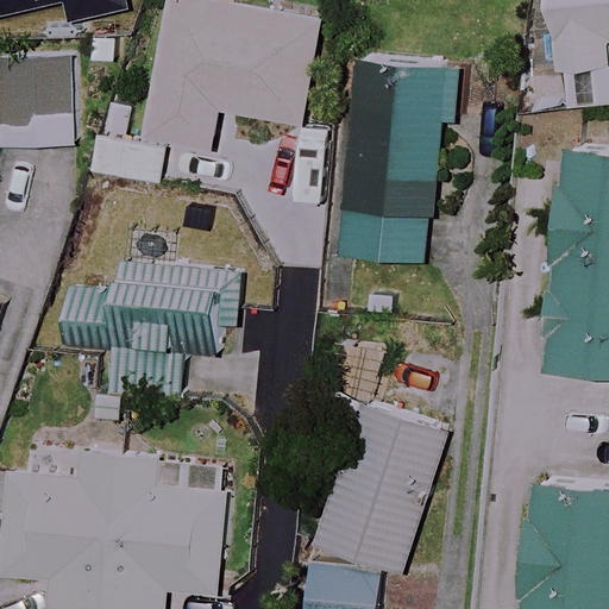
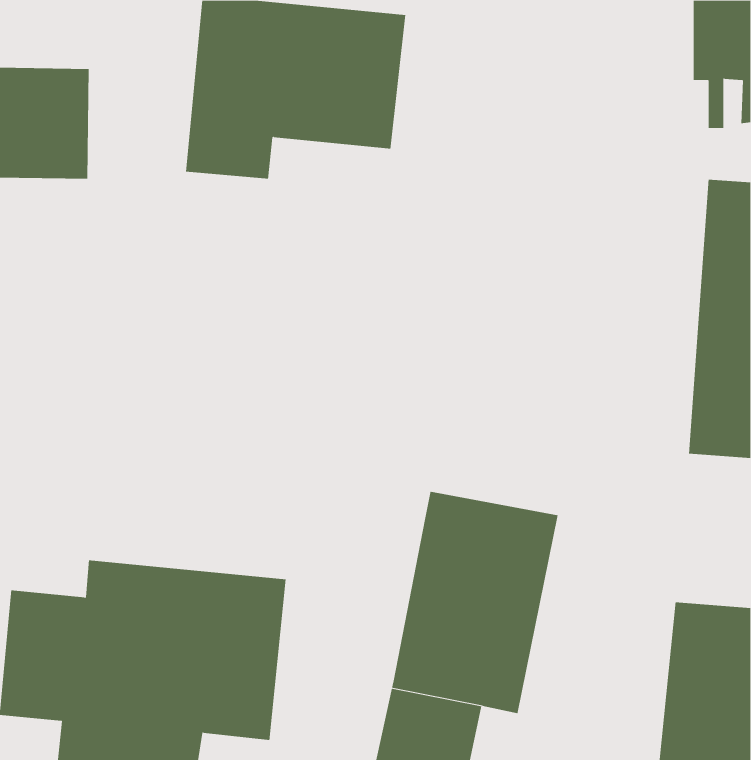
building: [341,59,457,260] -> none
building: [67,260,238,397] -> none

